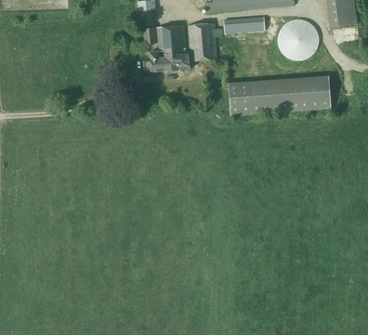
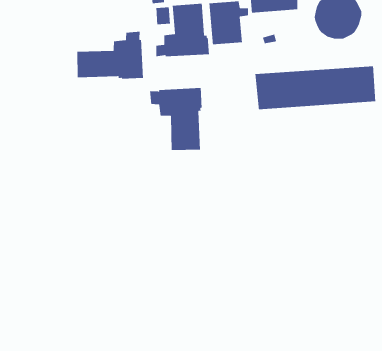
building: none -> [76,31,144,79]
building: none -> [149,87,202,151]

